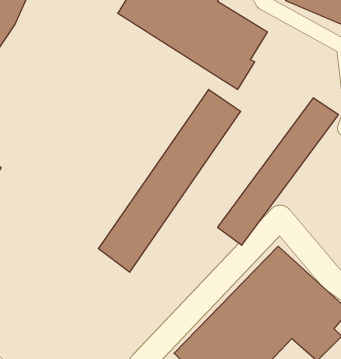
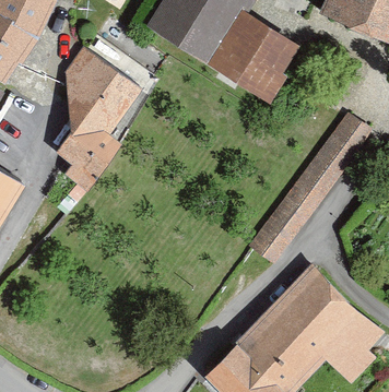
building: none -> [55,47,143,192]
building: [99,89,241,272] -> none

